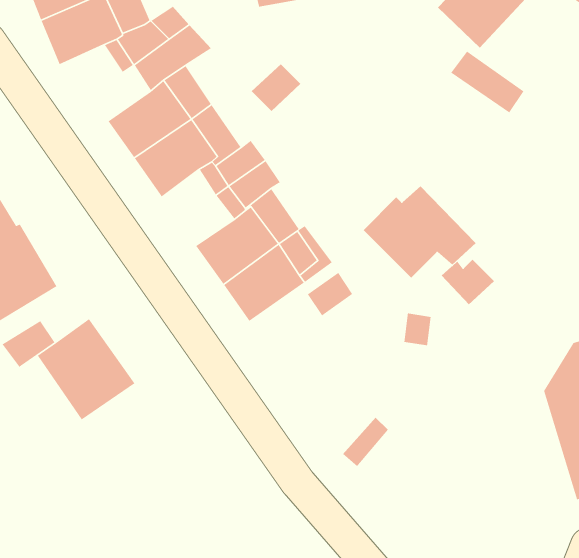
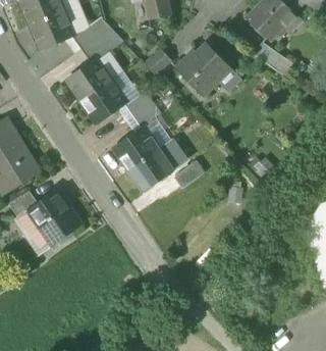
building: [363,185,476,278] -> [176,44,238,95]
building: none -> [14,209,52,255]

